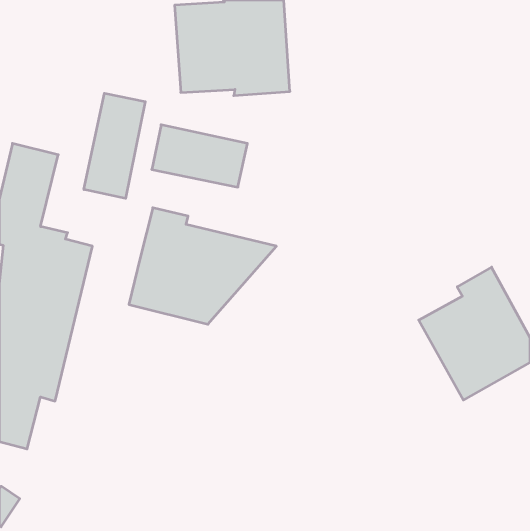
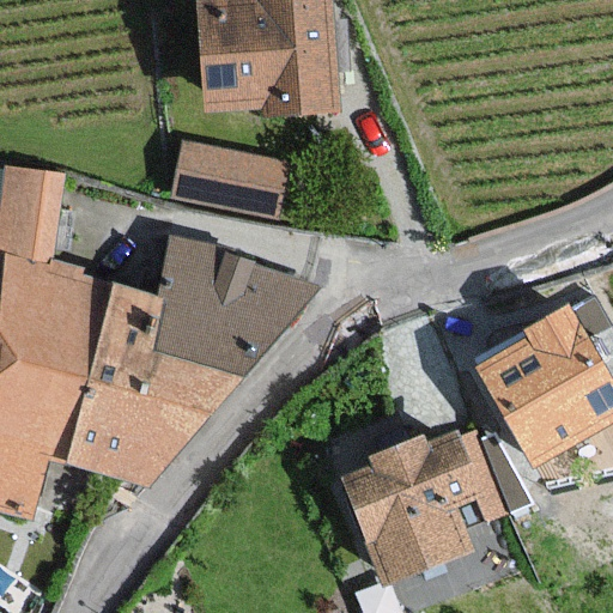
building: [84,93,145,198] -> none
building: none -> [63,284,239,481]
building: none -> [351,435,502,576]

